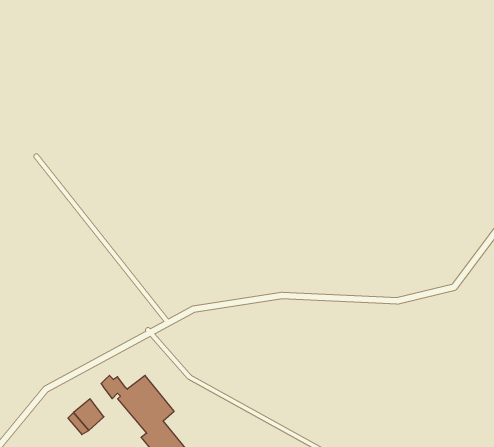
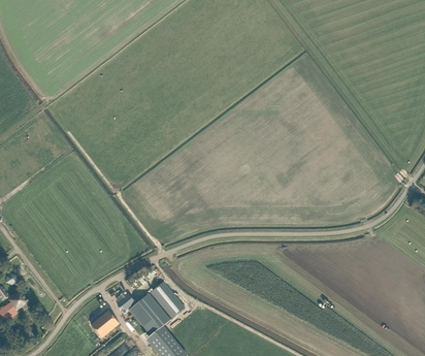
building: none -> [150,281,185,318]

